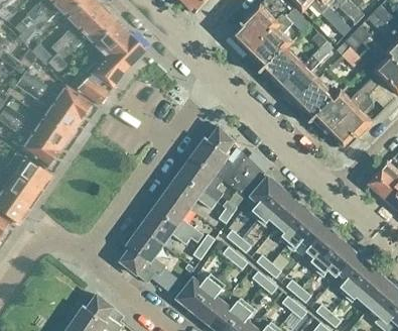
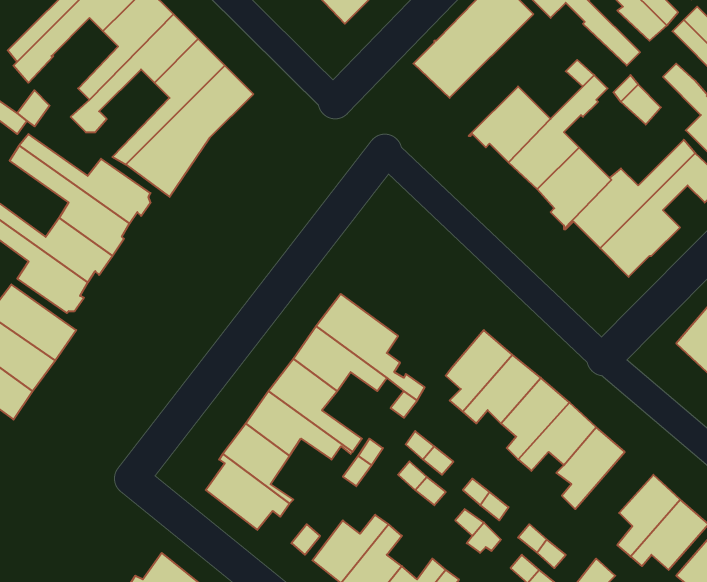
building: [249,9,308,74] -> none
building: [191,126,264,196] -> none
building: [315,241,357,278] -> none

